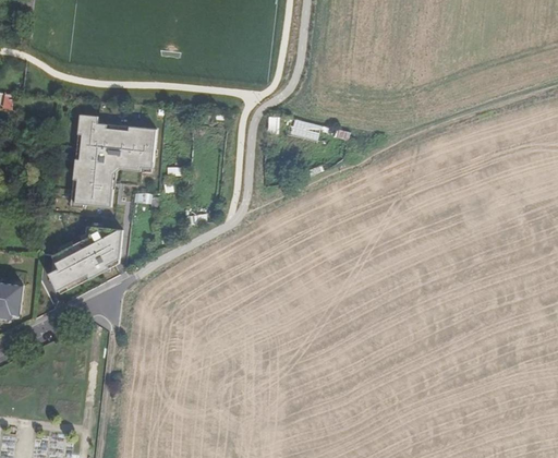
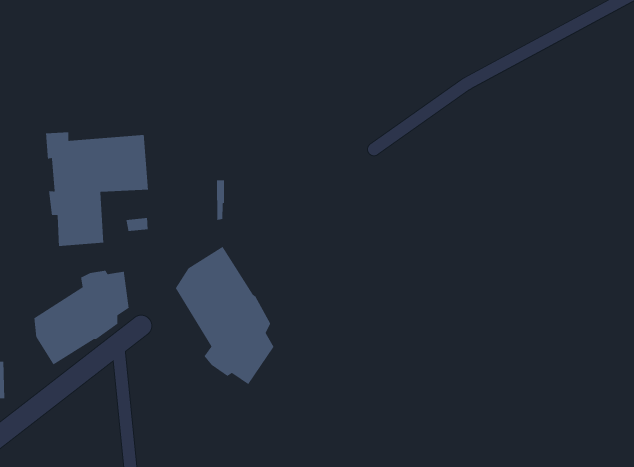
building: none -> [175,246,275,385]

